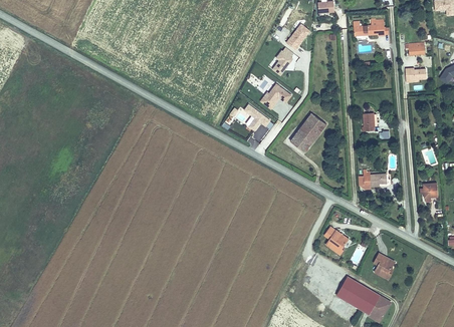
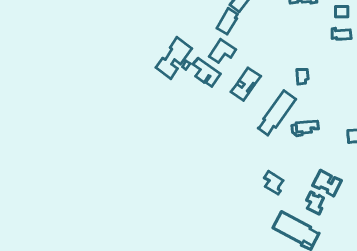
building: none -> [156,37,192,79]
building: none -> [258,90,296,135]
building: none -> [313,170,342,196]

